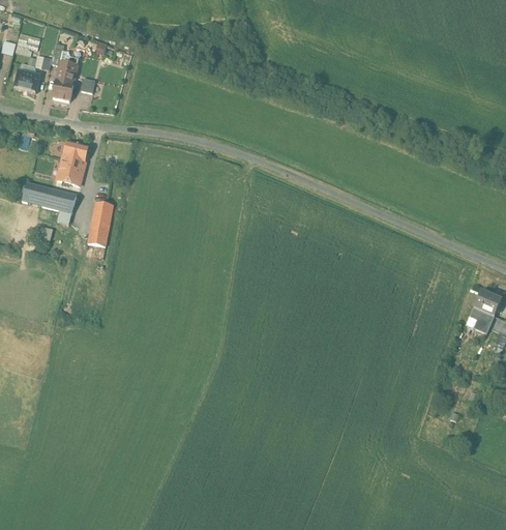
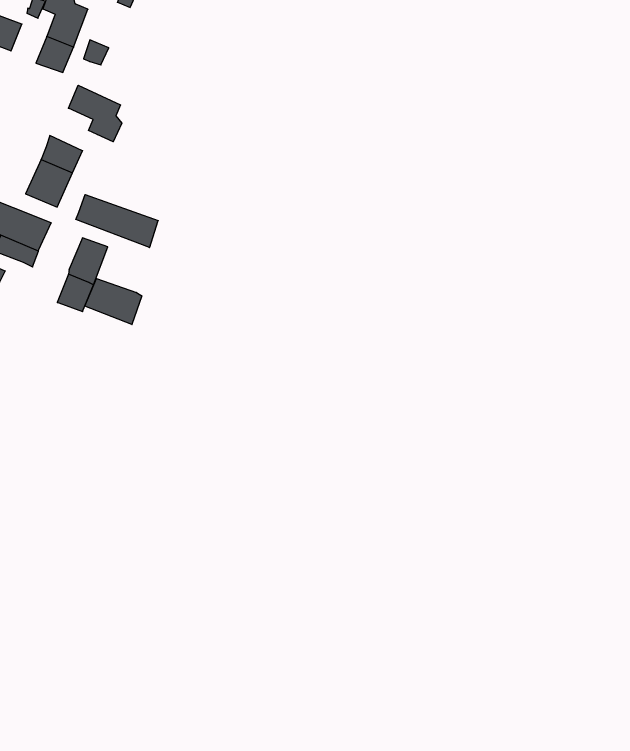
building: none -> [68,85,122,142]
building: none -> [76,195,158,248]
building: none -> [85,278,142,325]

